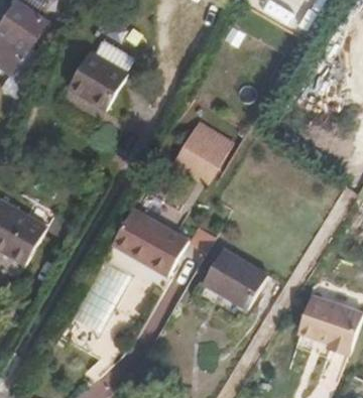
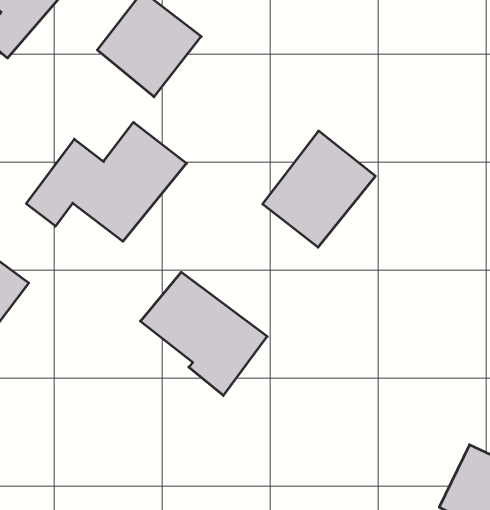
building: none -> [26,122,187,241]
building: [203,251,264,308] -> none

